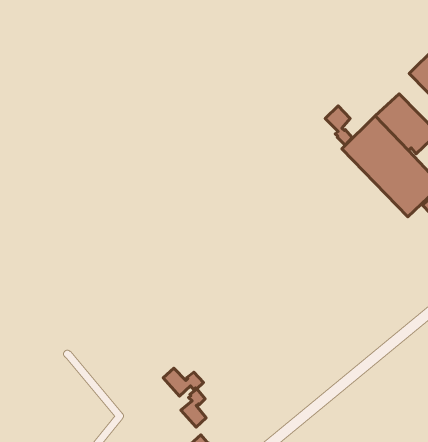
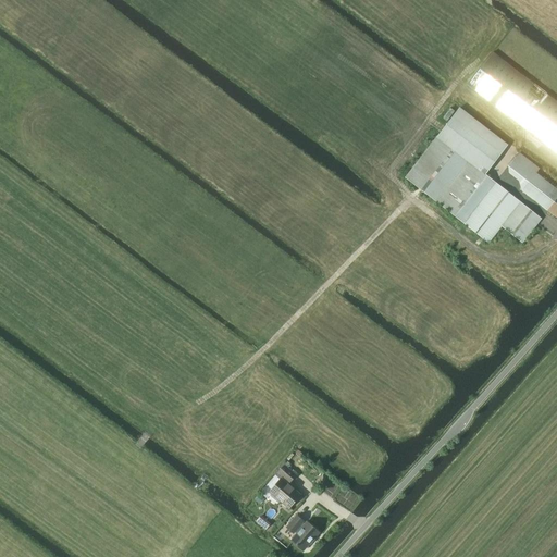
building: [325,106,352,145] -> none
building: [163,368,204,396] -> none

